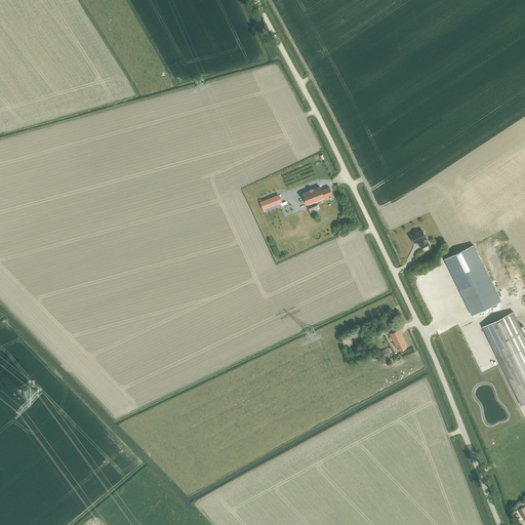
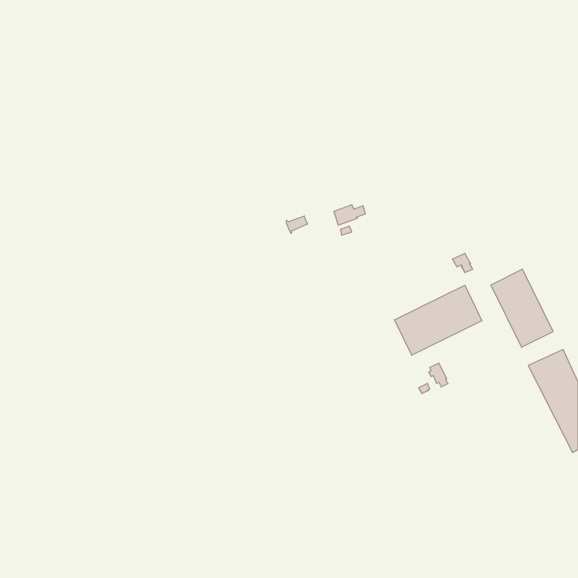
building: none -> [395,285,482,355]

